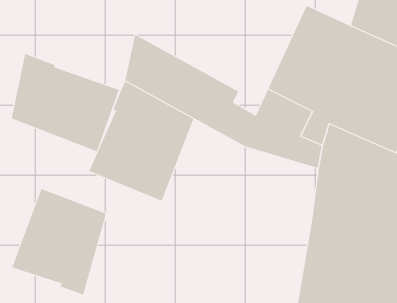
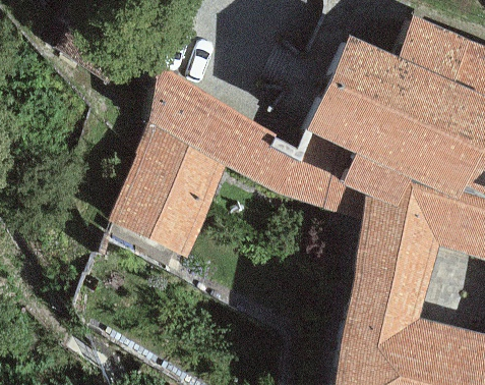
building: [11,53,120,152] -> none
building: [11,188,106,295] -> none

